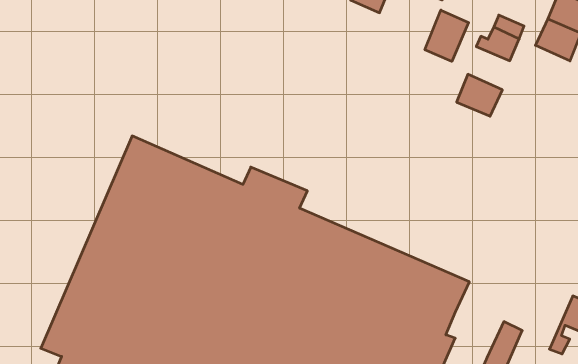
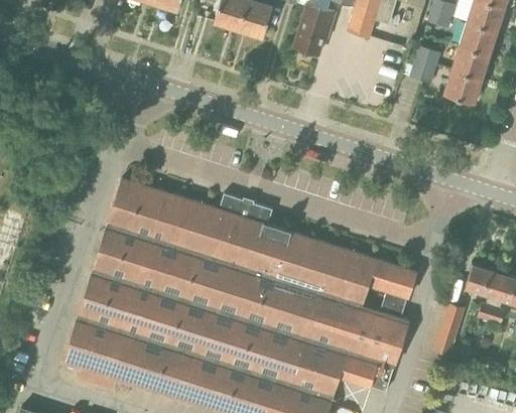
building: [425,10,469,61] -> none
building: [457,74,502,116] -> [444,68,482,102]
building: none -> [466,265,504,321]

